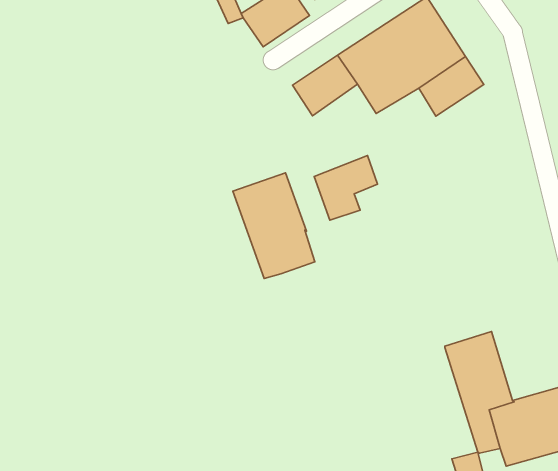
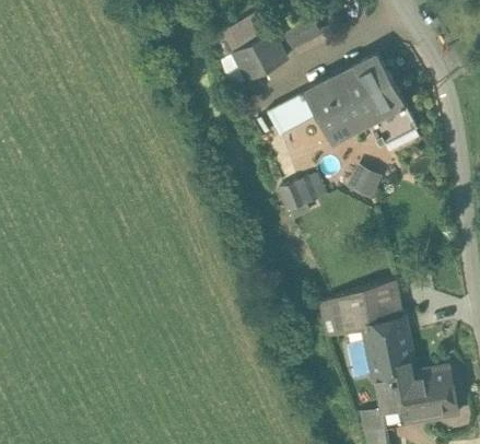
building: none -> [346,162,384,198]
building: [233,173,315,278] -> none
building: none -> [332,281,402,332]

